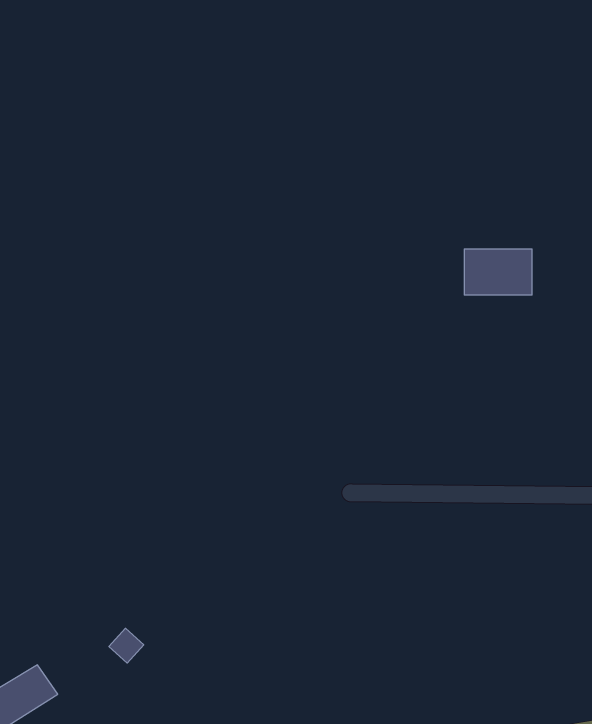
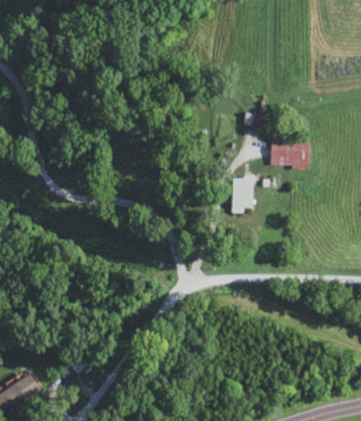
building: none -> [231,175,254,211]

